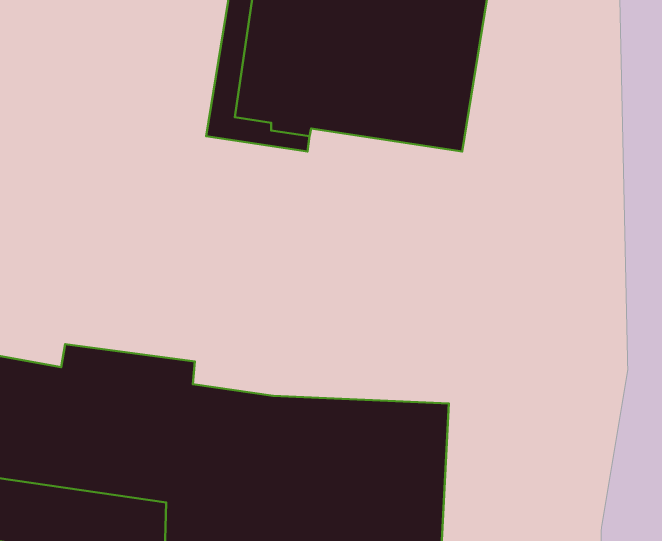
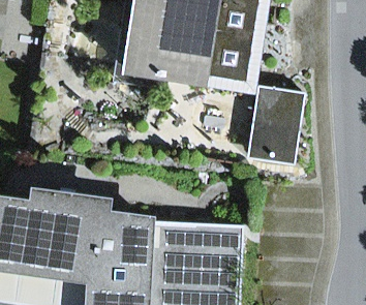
building: none -> [249,85,306,163]

